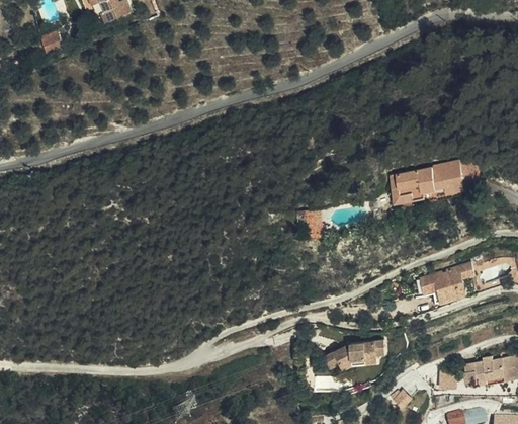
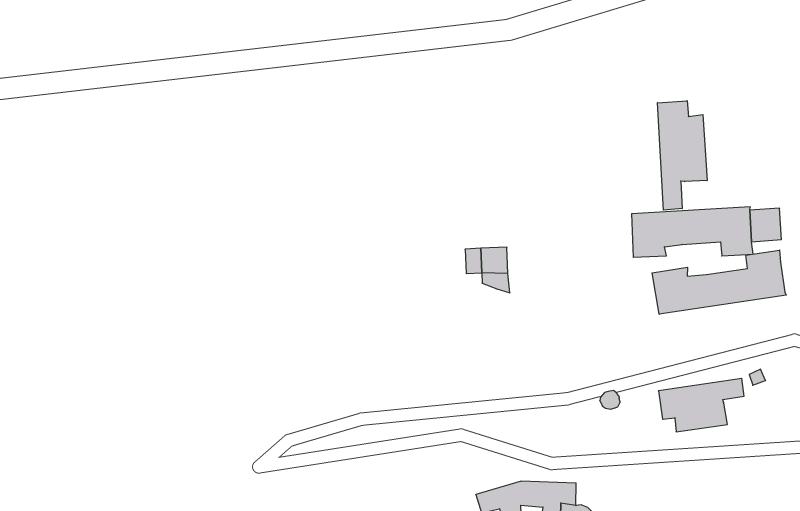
building: none -> [657,101,707,210]
building: none -> [652,250,786,314]

